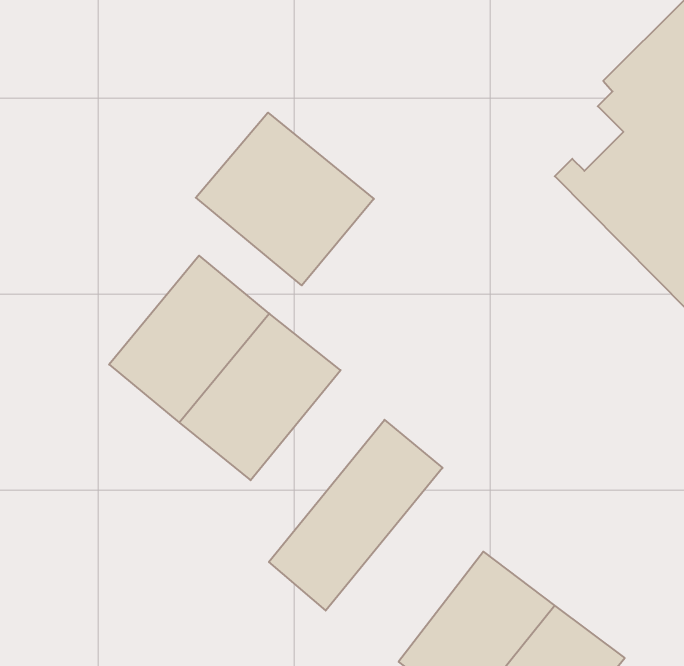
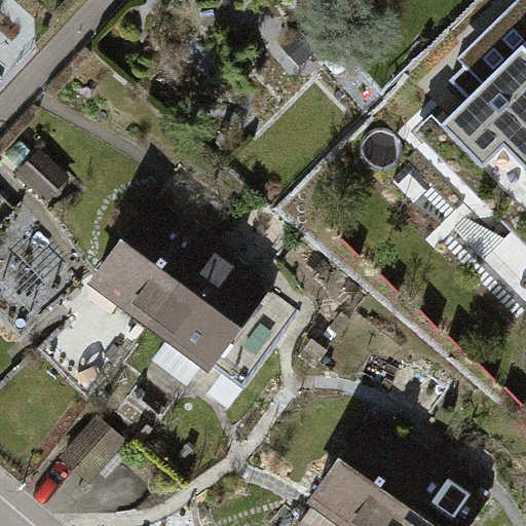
building: [196,113,374,285] -> none
building: [269,420,443,611] -> none

